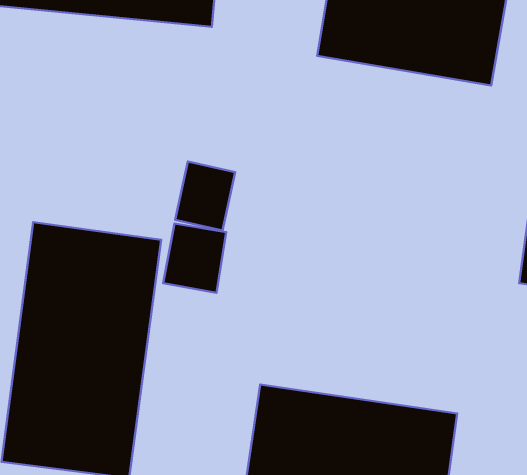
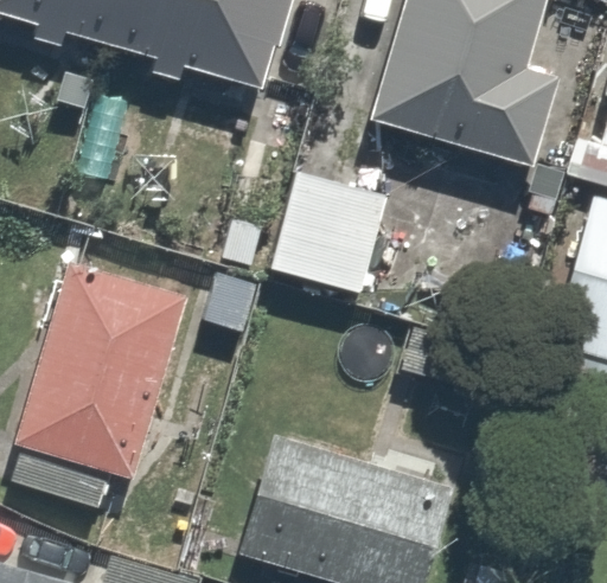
building: none -> [267,160,402,300]

